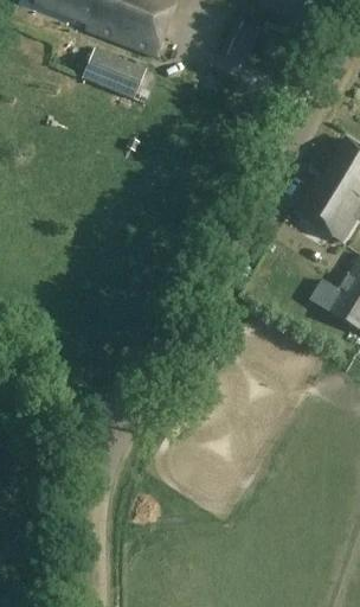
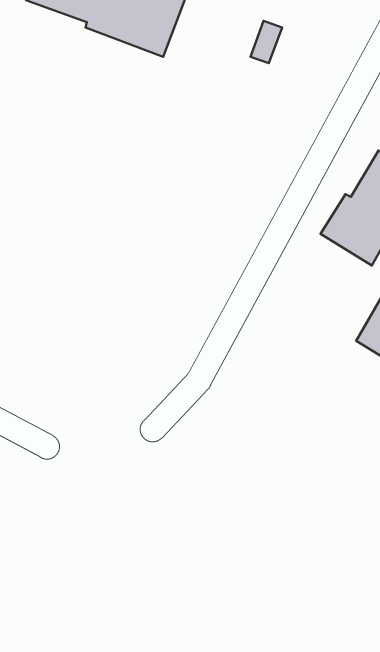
building: [82,46,146,97] -> none

